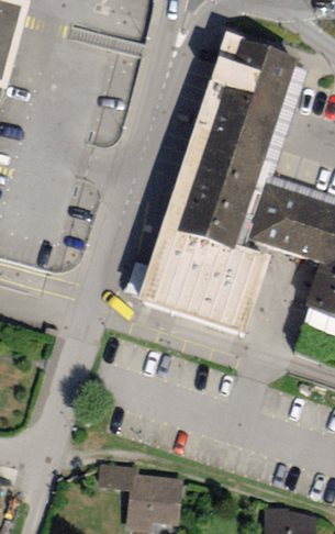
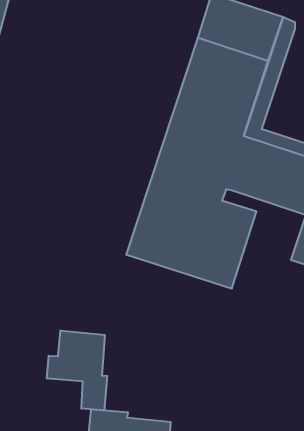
building: none -> [47,330,107,410]

